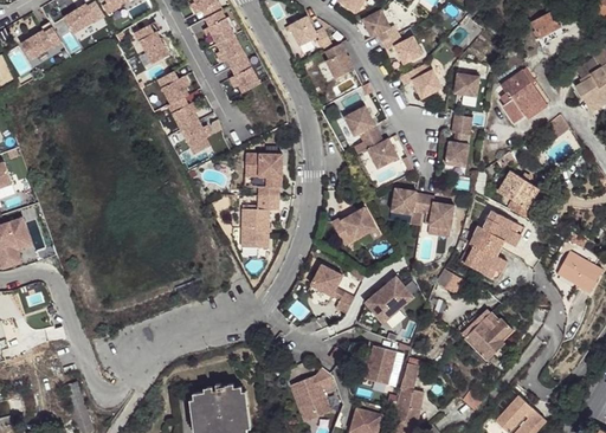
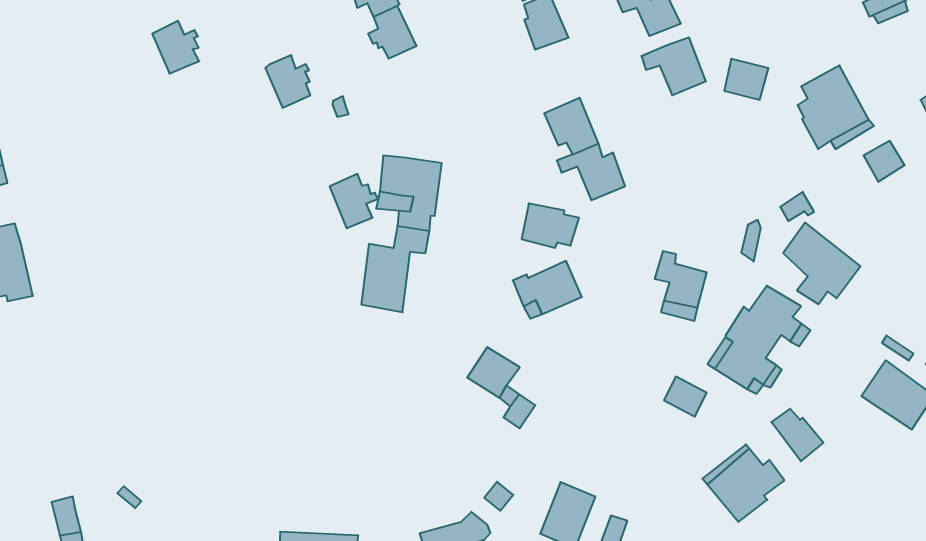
building: [157,70,188,103] -> [152,21,199,74]
building: [445,115,471,167] -> none
building: [181,119,212,154] -> [330,174,378,228]
building: [391,189,425,215] -> [522,203,579,248]
building: [365,278,413,324] -> none
building: none -> [771,409,823,461]

